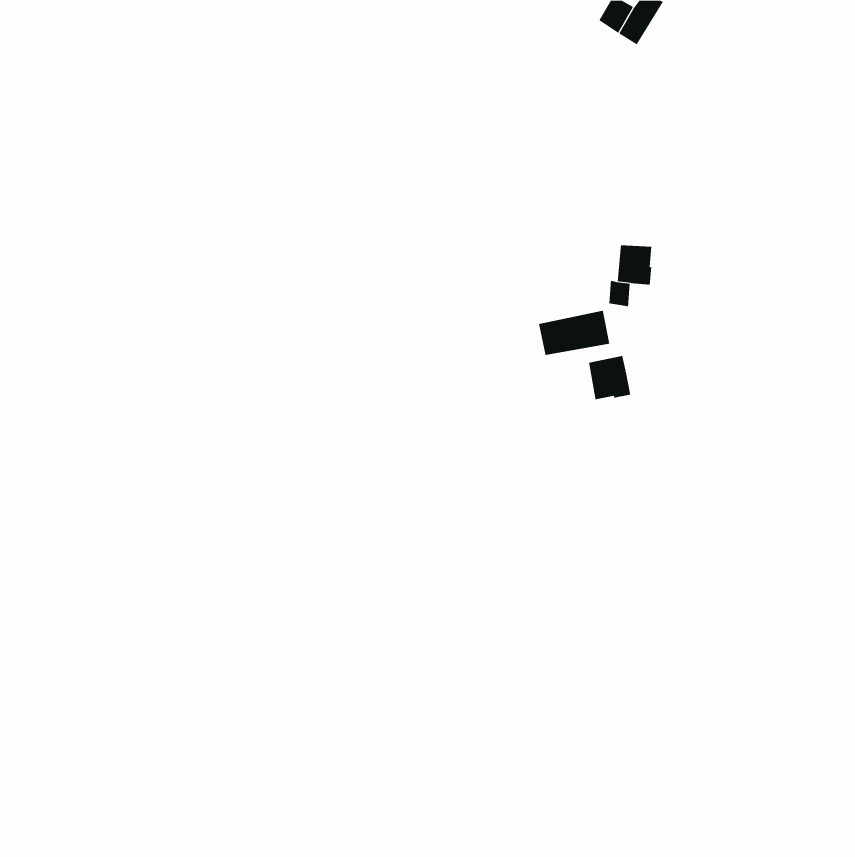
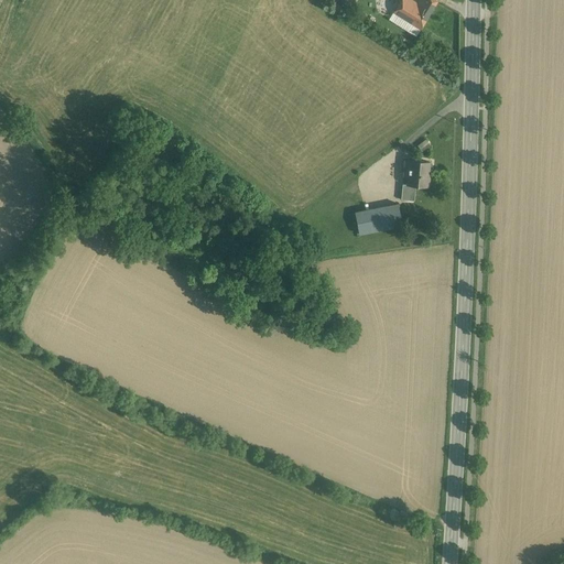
building: [589,355,631,400] -> none

